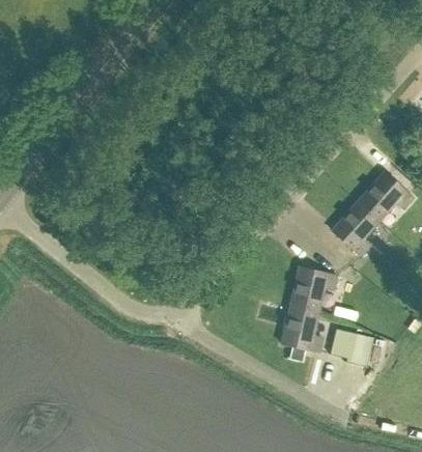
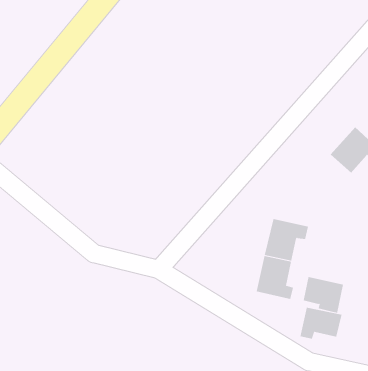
building: [333,200,381,254] -> none
building: none -> [300,307,342,339]

